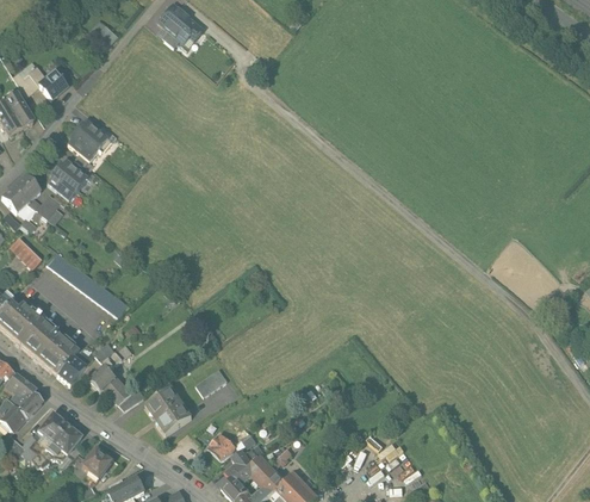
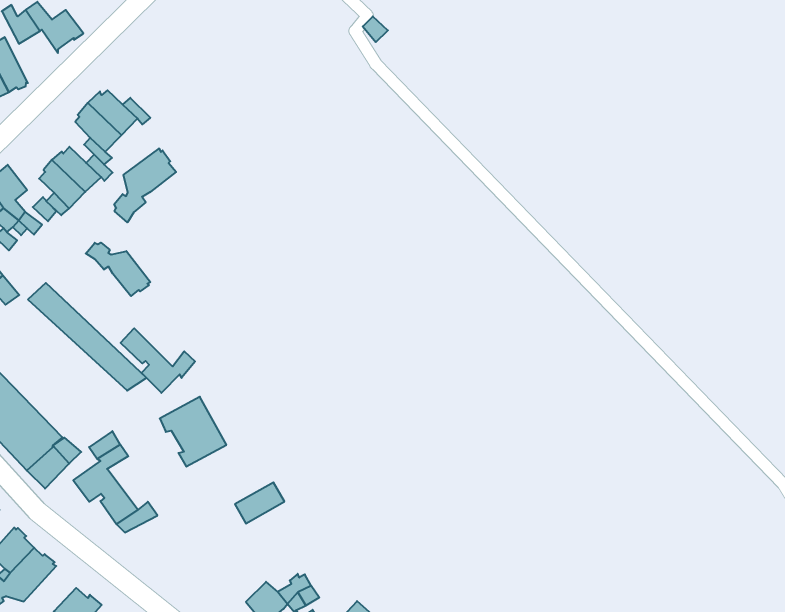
building: none -> [114,148,176,222]
building: none -> [86,243,150,296]
building: none -> [121,328,195,393]
building: [147,386,192,433] -> [160,397,226,467]

